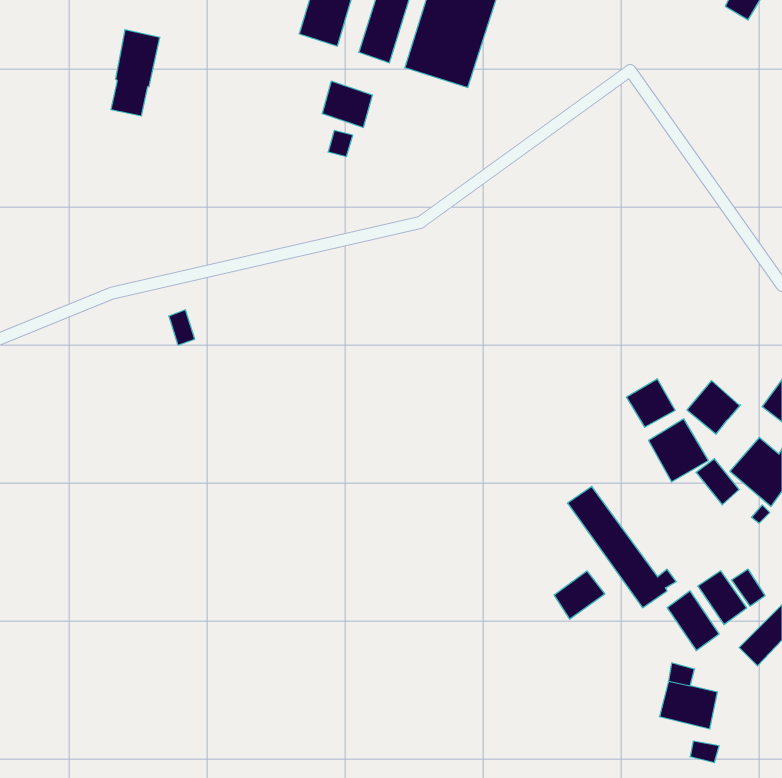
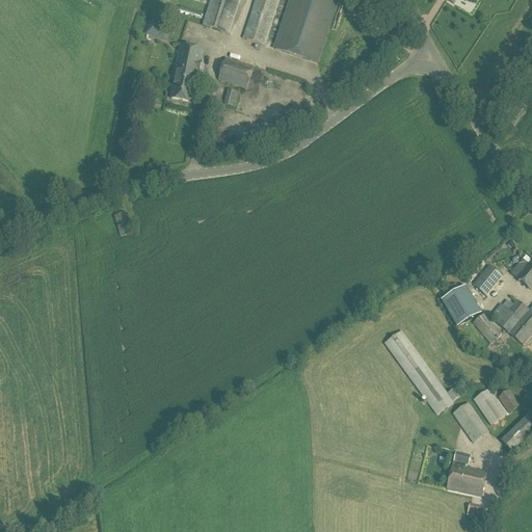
building: [111,30,160,116] -> [170,42,204,100]
building: [627,379,675,427] -> none
building: [554,571,605,619] -> none

